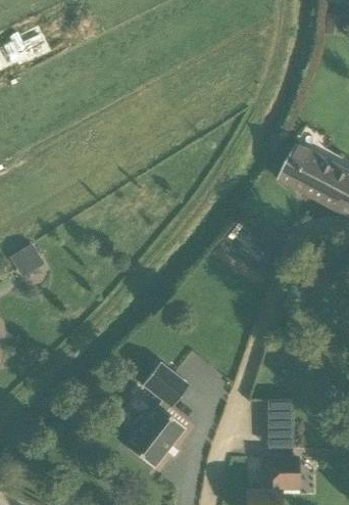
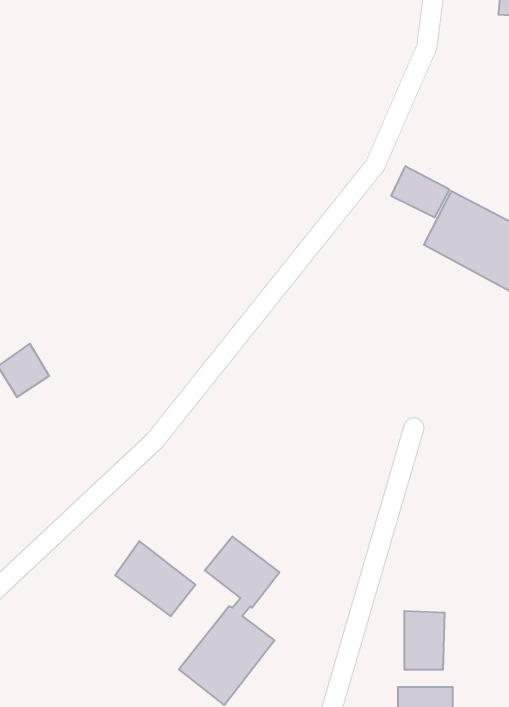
building: none -> [391,166,449,218]
building: none -> [115,541,195,616]

